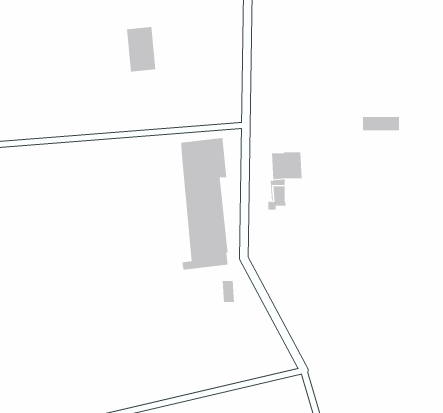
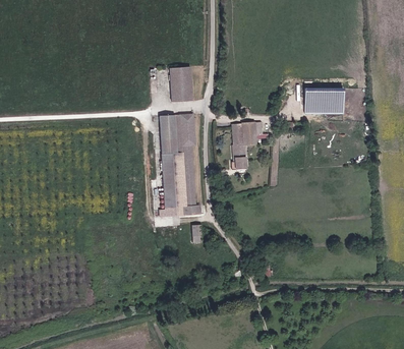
building: [126,27,156,72] -> [171,65,194,101]

